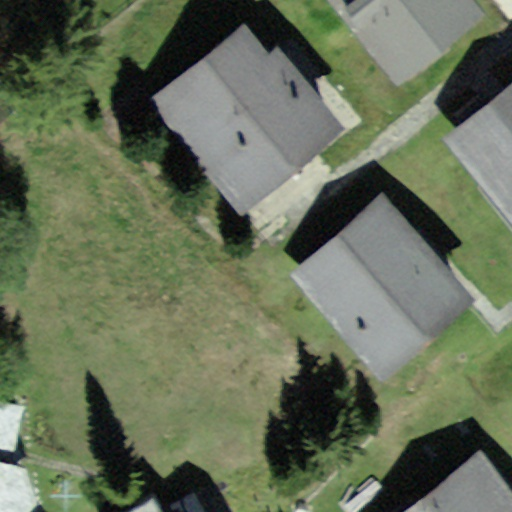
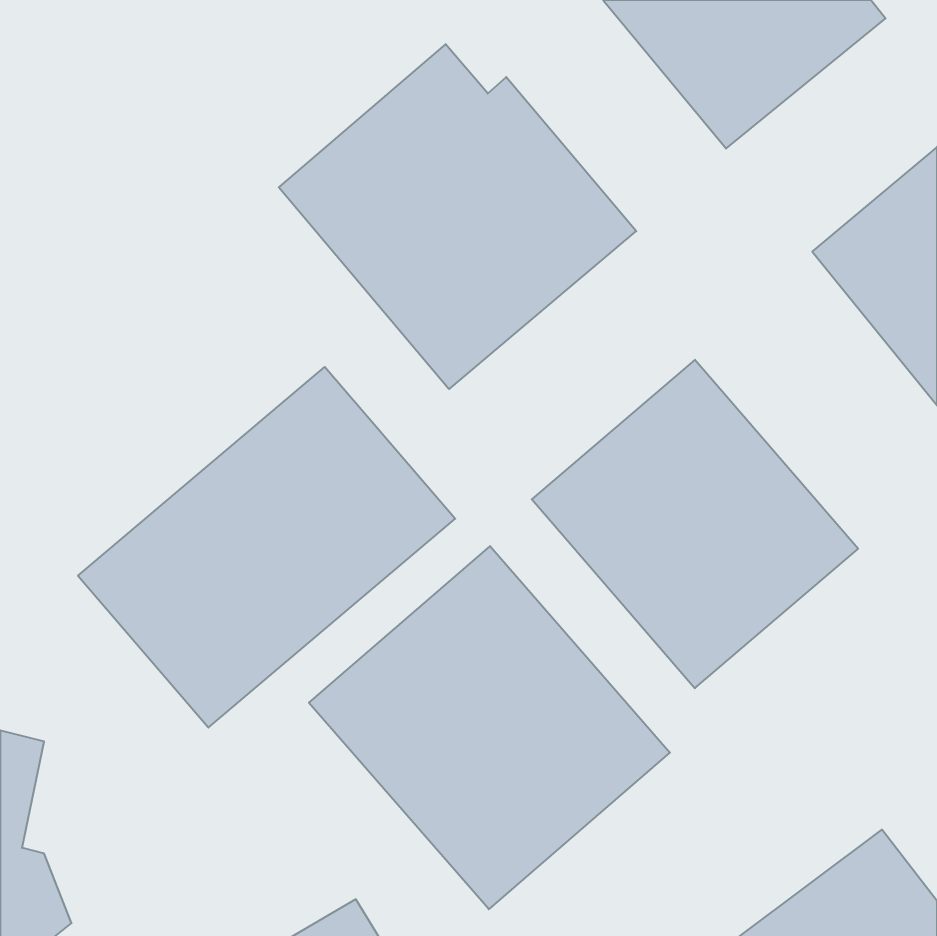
building: none -> [78,367,455,728]
building: none -> [309,546,670,909]

